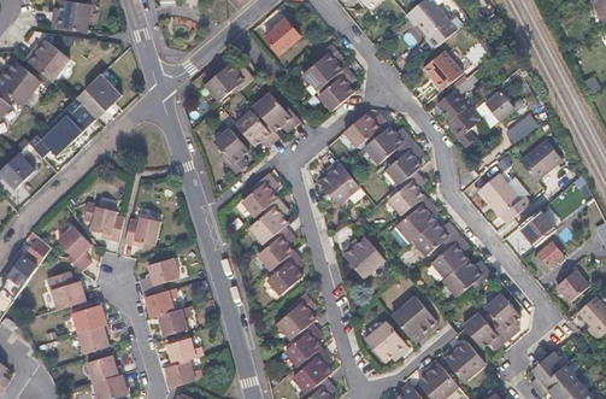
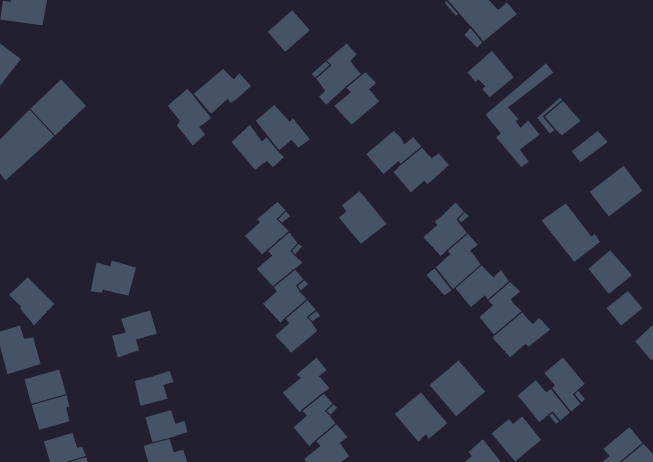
building: [214,127,251,174] -> [167,88,212,147]
building: [384,142,420,187] -> none
building: [84,207,122,241] -> none
building: [340,237,382,277] -> none
building: [145,288,176,317] -> none

